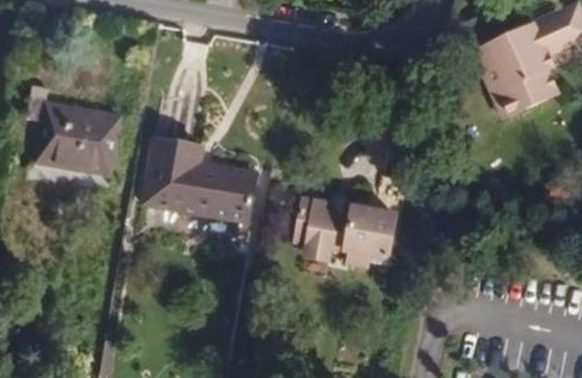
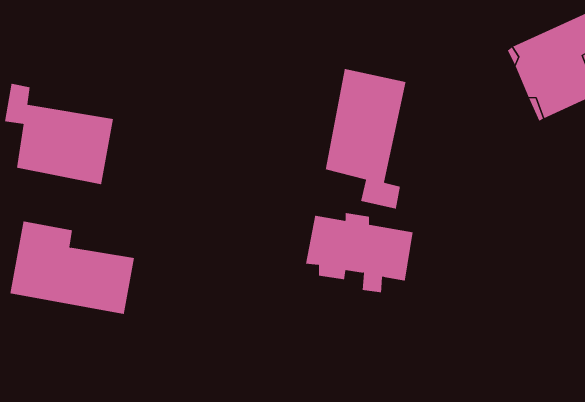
building: none -> [325,68,406,210]
building: [144,135,257,220] -> [10,221,135,315]

